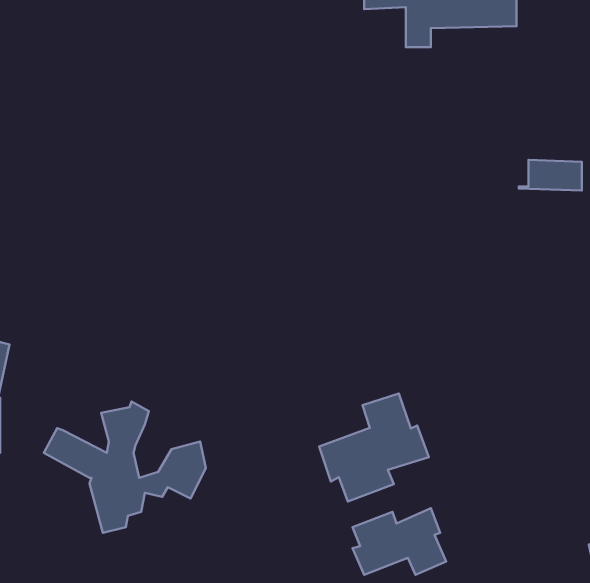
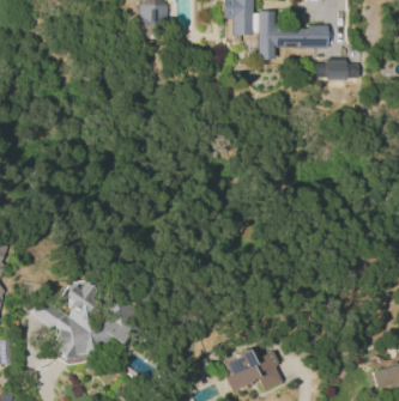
building: [519,160,582,190] -> [319,59,358,78]
building: [319,393,429,502] -> none

